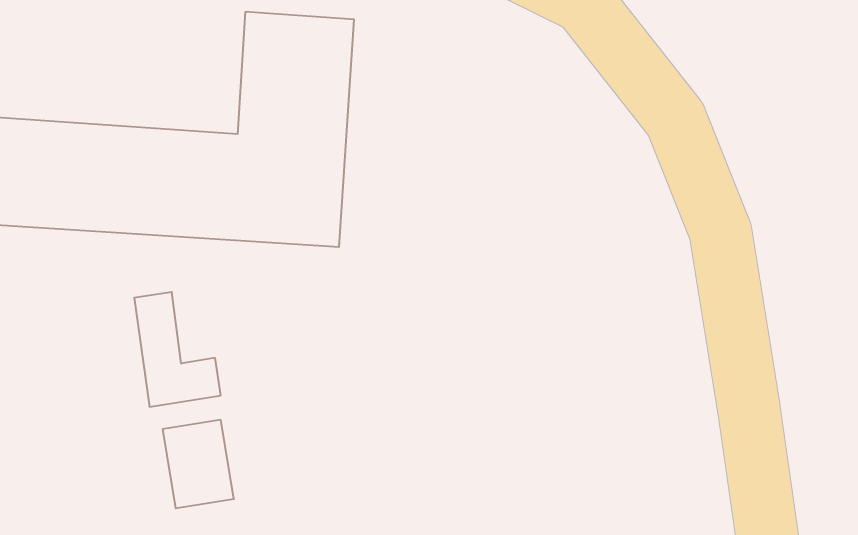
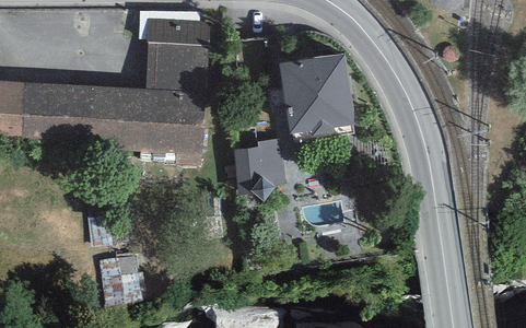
building: none -> [278,52,353,142]
building: none -> [237,143,291,198]

